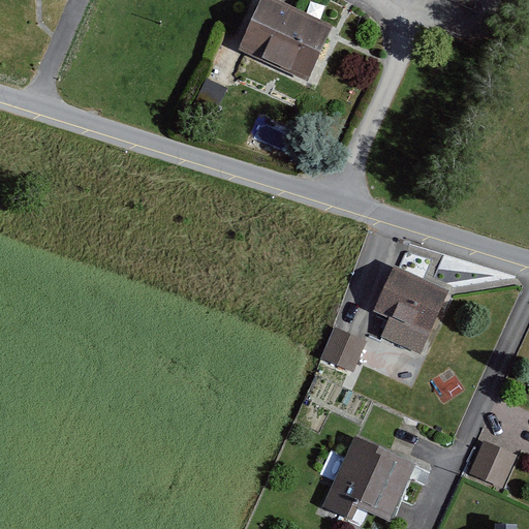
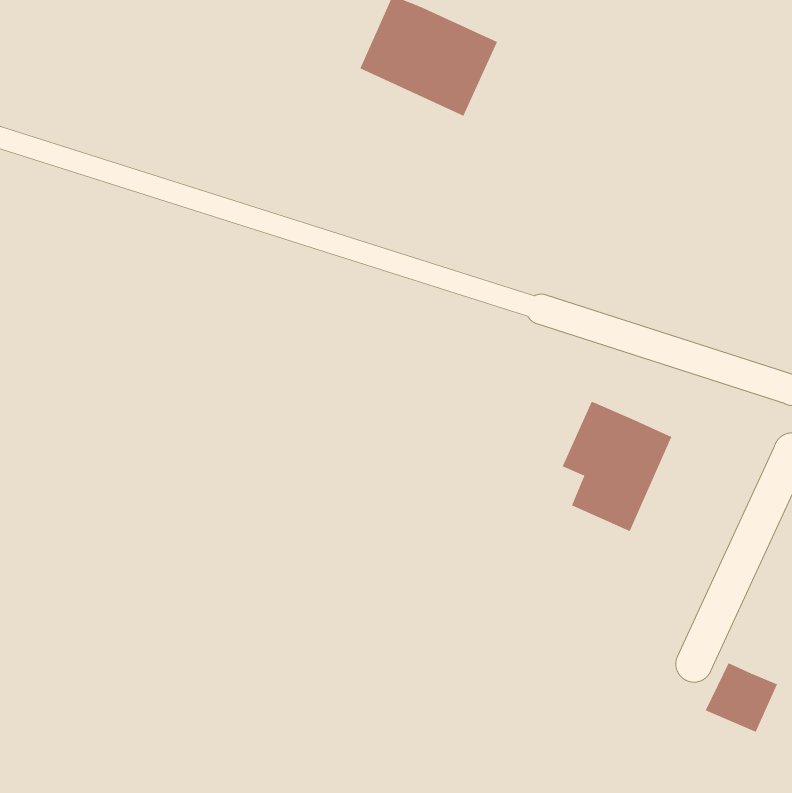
building: [318,325,366,372] -> none
building: [320,436,413,521] -> none

